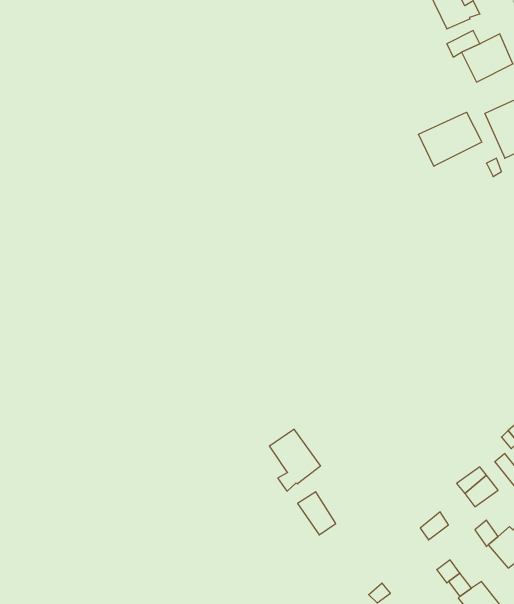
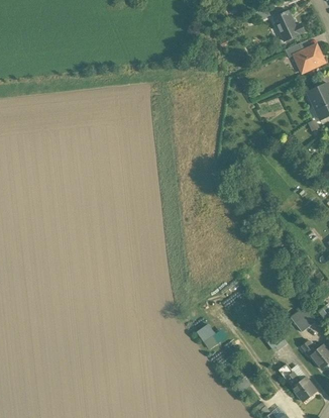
building: [419,112,482,166] -> none
building: [269,429,320,491] -> none

